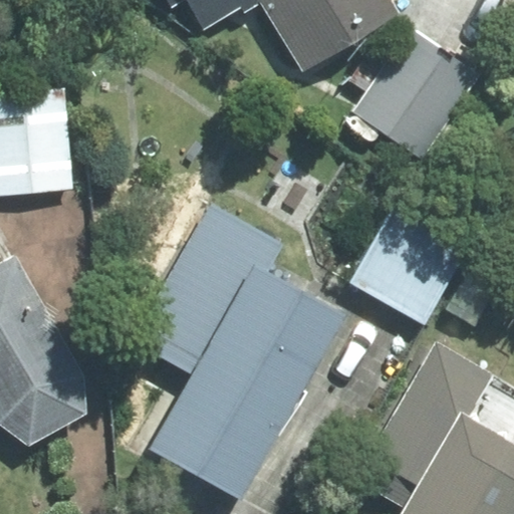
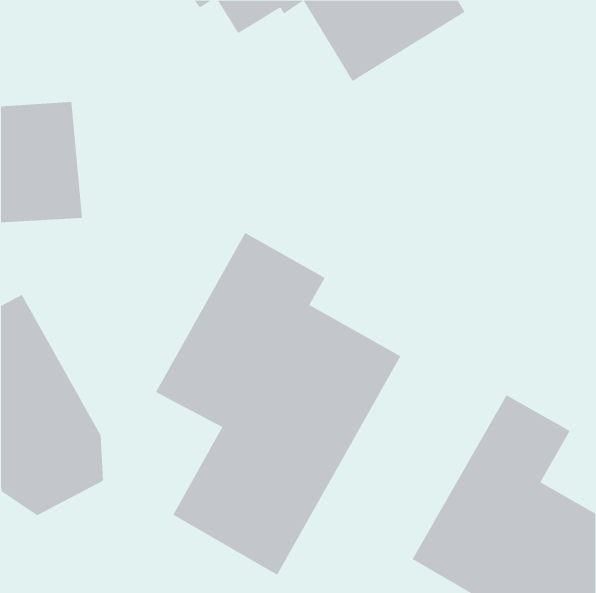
building: [351,27,478,160] -> none
building: [346,207,465,326] -> none

